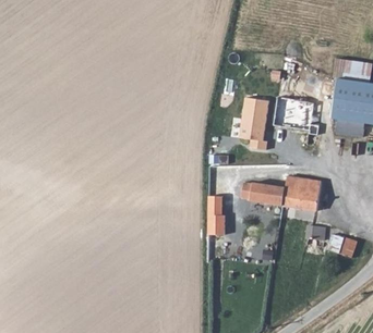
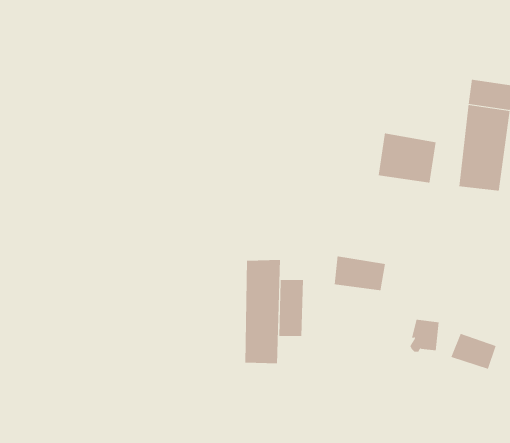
building: [239,100,267,153] -> none
building: [279,176,315,210] -> none
building: none -> [245,259,281,364]

